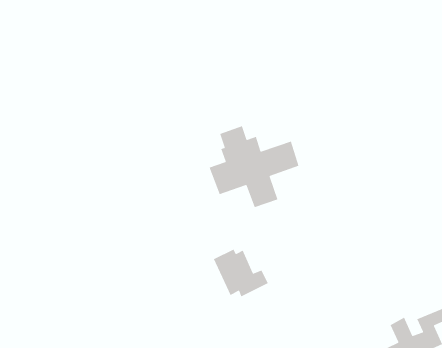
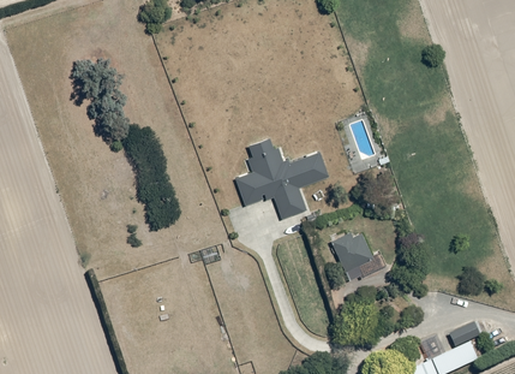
building: [213,248,269,297] -> [329,230,387,280]

